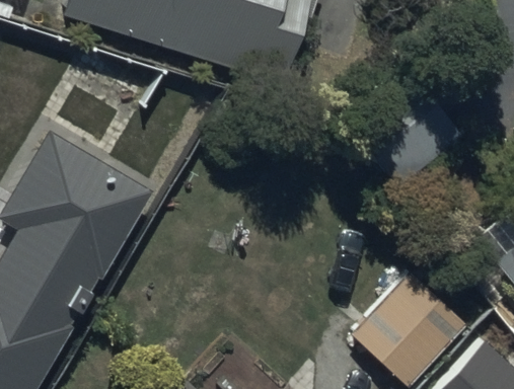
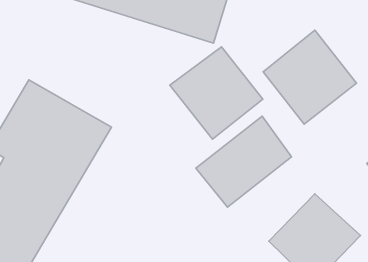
building: none -> [170,47,263,139]
building: none -> [196,116,291,207]

